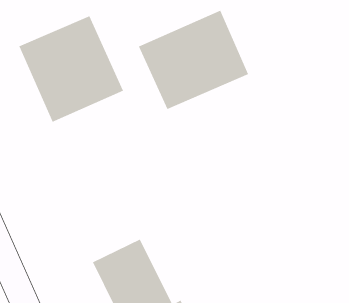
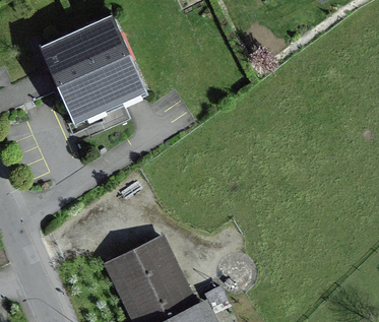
building: [138,10,249,110] -> none

